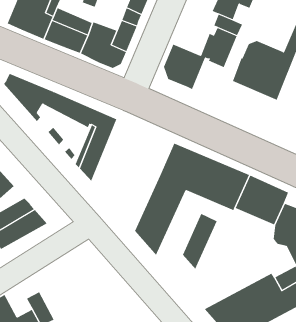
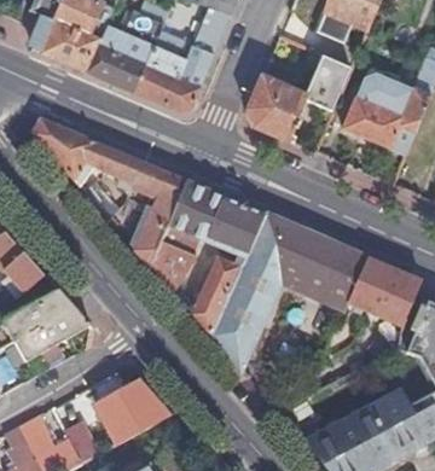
building: none -> [150,181,262,292]
building: [182,213,217,270] -> [190,257,238,335]
building: none -> [98,382,169,443]

